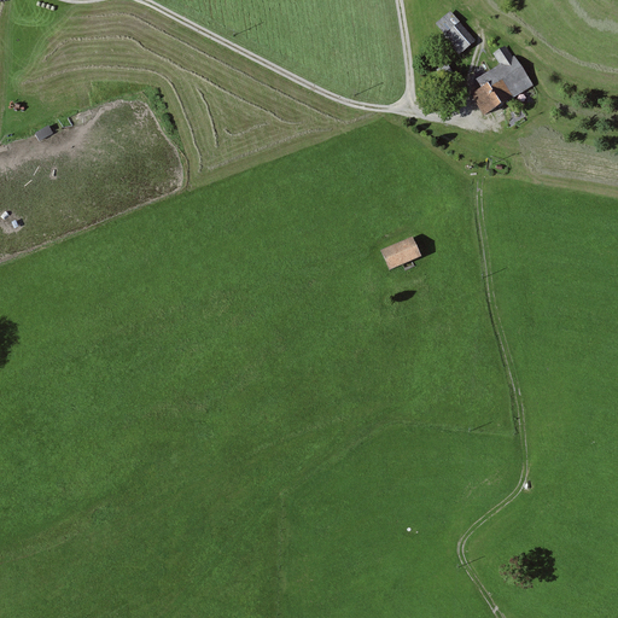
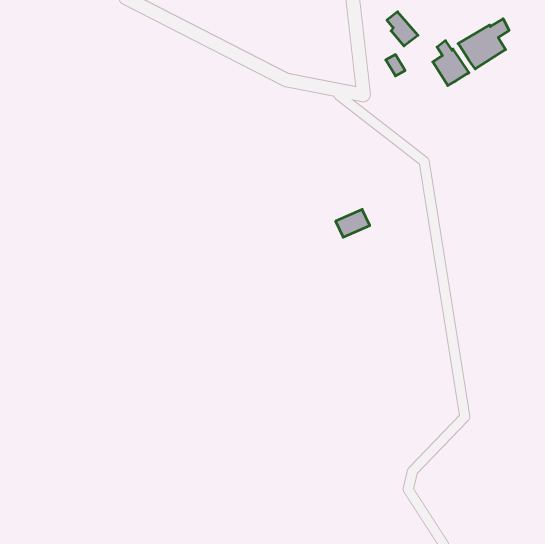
building: none -> [458,19,509,69]
building: [471,70,507,112] -> none

